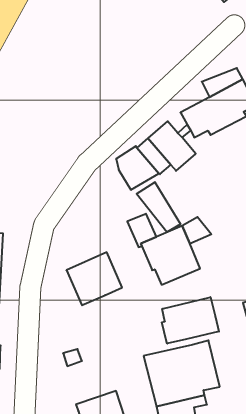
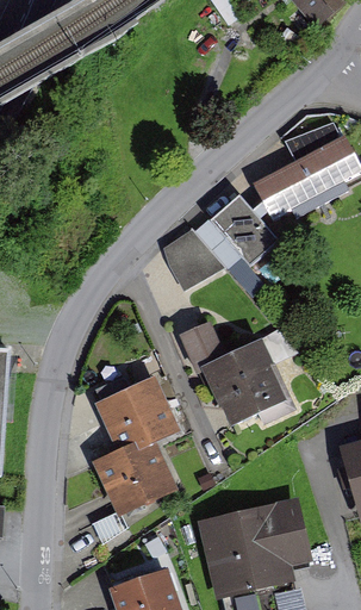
building: [137,182,180,232] -> none
building: none -> [94,436,173,512]
building: [162,297,219,344] -> none

